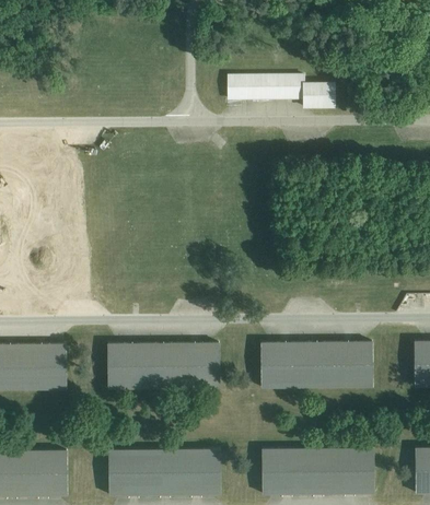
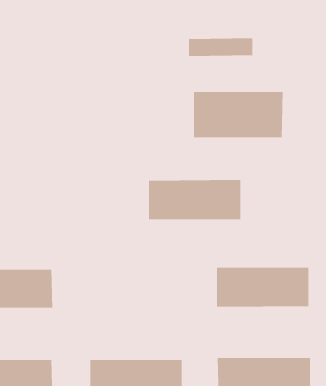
building: [303,81,334,105] -> none
building: none -> [193,91,283,138]
building: [108,341,218,388] -> [148,180,241,220]

